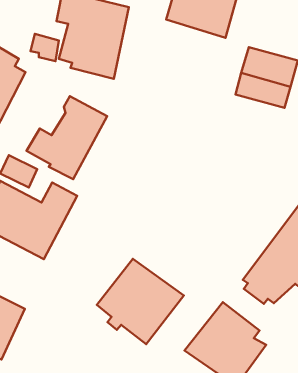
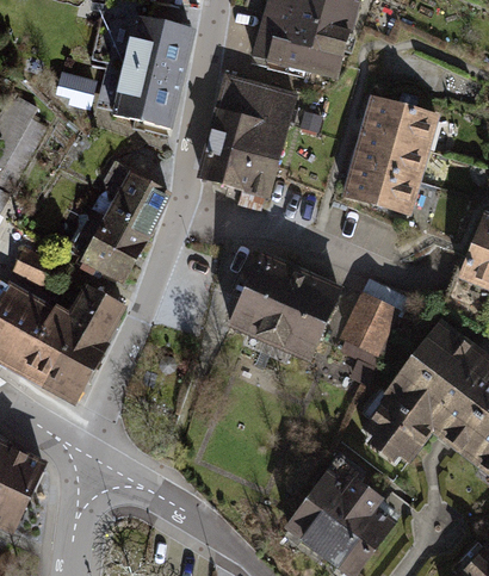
building: none -> [200,73,299,196]
building: none -> [342,161,421,216]
building: none -> [224,250,343,359]
building: none -> [338,289,404,357]
building: [97,259,184,344] -> none

